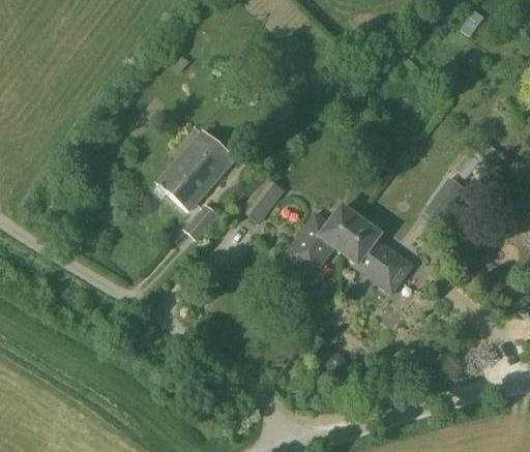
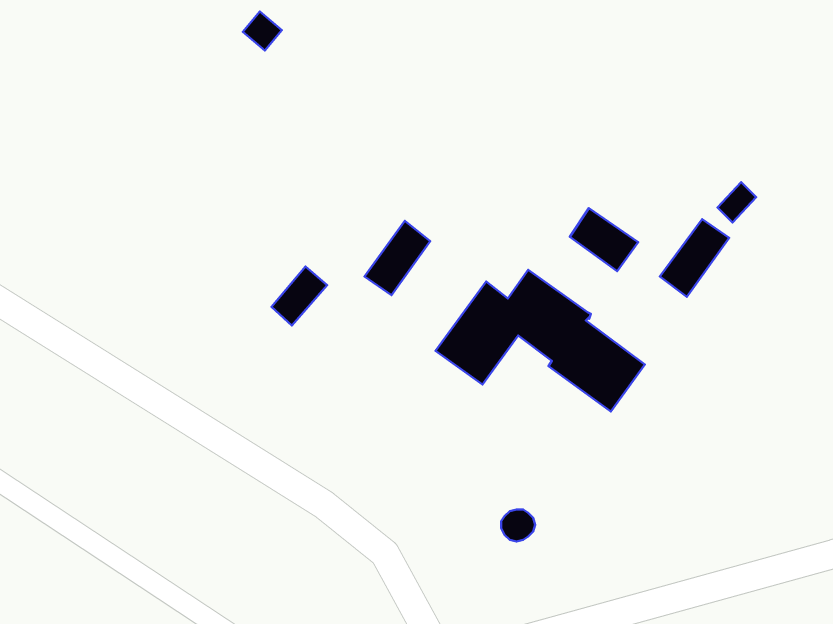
building: [156,130,234,210] -> none
building: none -> [570,208,638,271]

